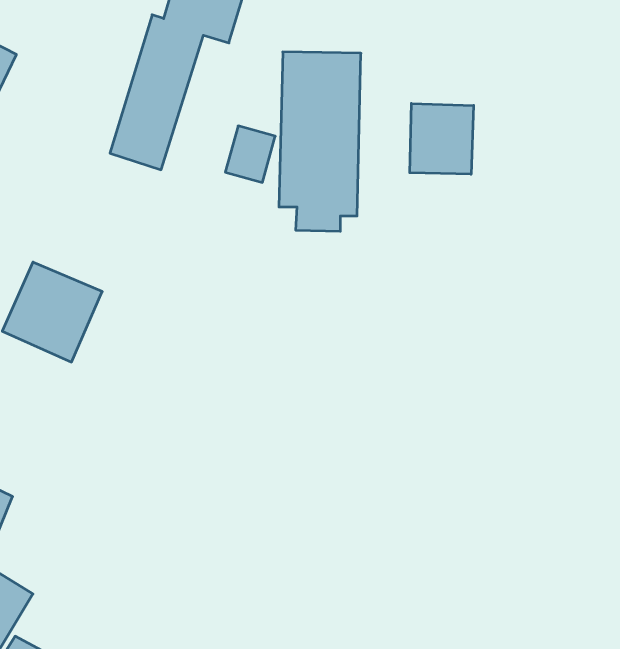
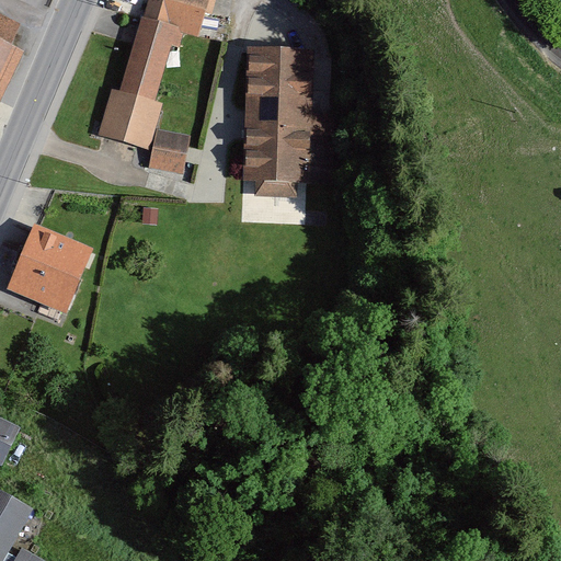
building: [410,103,474,174] -> none
building: [225,126,275,182] -> [147,127,190,175]

